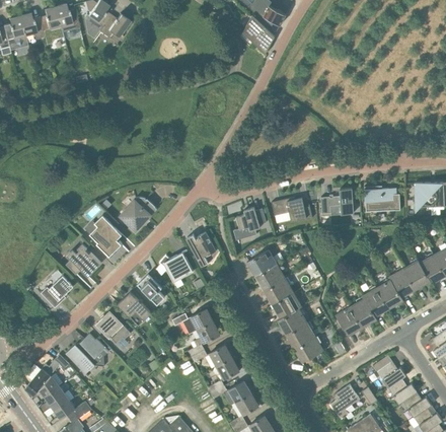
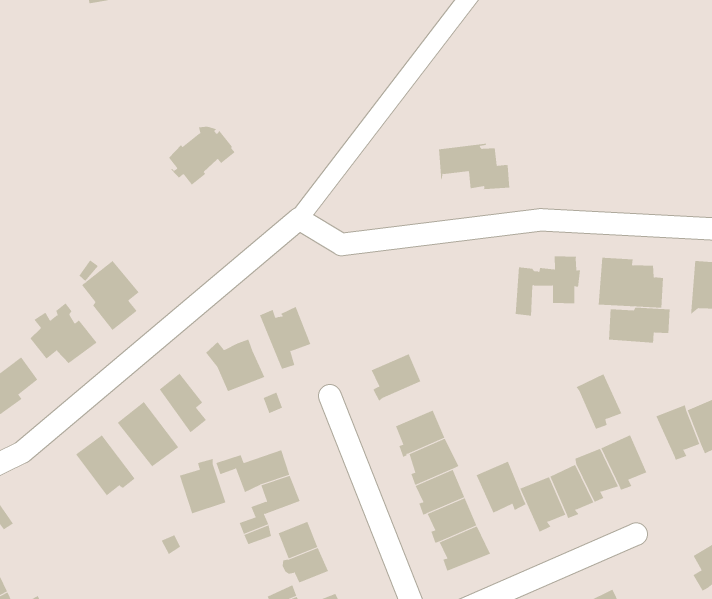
building: [272,196,312,221] -> [438,143,510,190]
building: [122,197,157,229] -> [168,126,235,185]
building: [236,207,267,238] -> none
building: none -> [608,307,670,344]
building: [257,264,285,291] -> none
building: [389,268,416,298] -> [576,373,622,430]
building: none -> [476,461,527,513]
building: none -> [179,458,226,514]
building: [66,334,109,373] -> none

